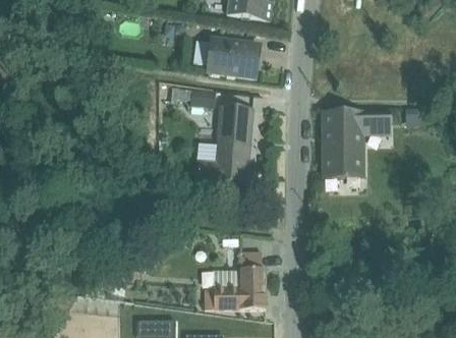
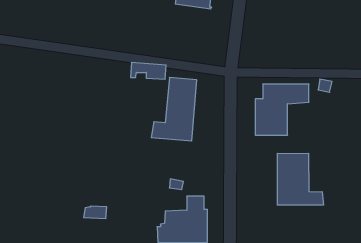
building: [191,36,259,77] -> none
building: none -> [277,153,323,205]

